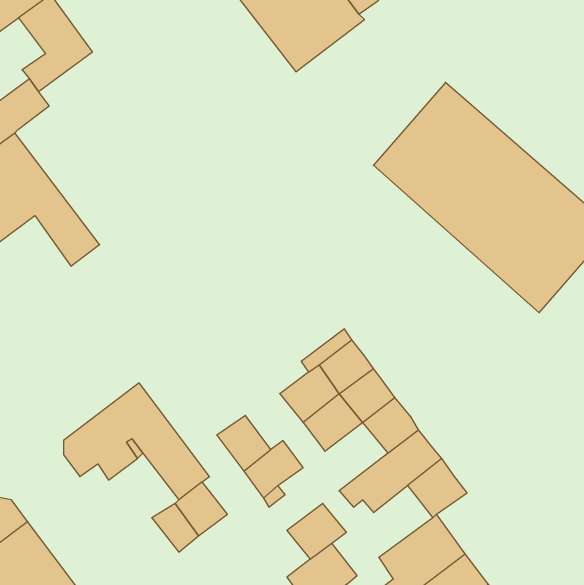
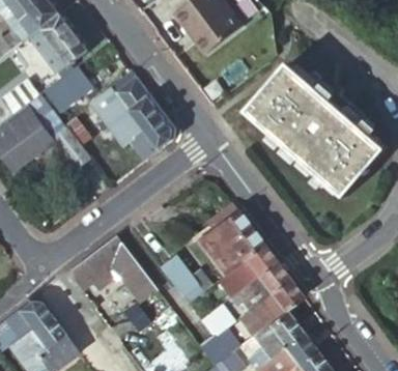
building: none -> [45,70,88,113]
building: none -> [93,73,175,161]
building: none -> [215,259,257,298]
building: none -> [237,295,283,337]

